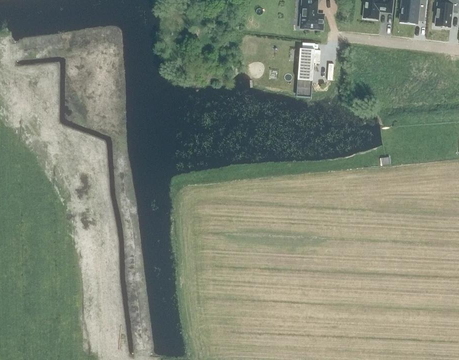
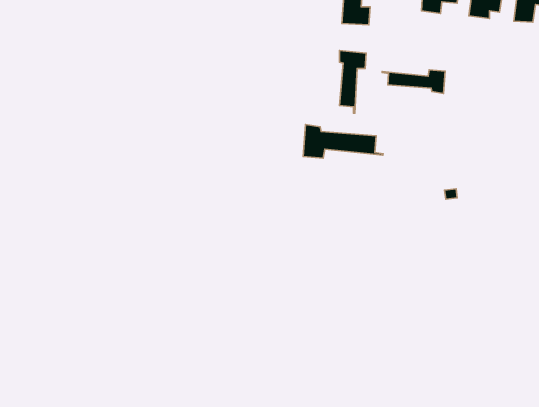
building: none -> [382,70,445,93]
building: none -> [303,124,383,158]

